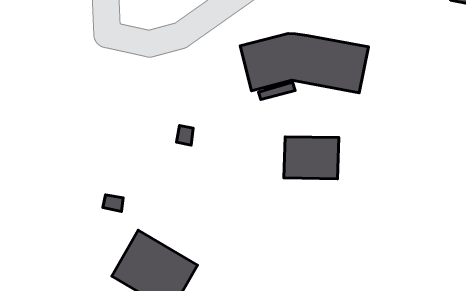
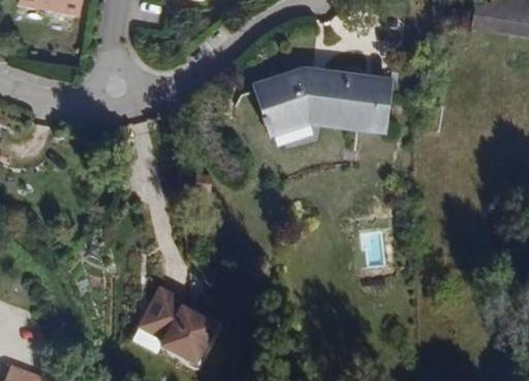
building: [284,137,339,179] -> none

